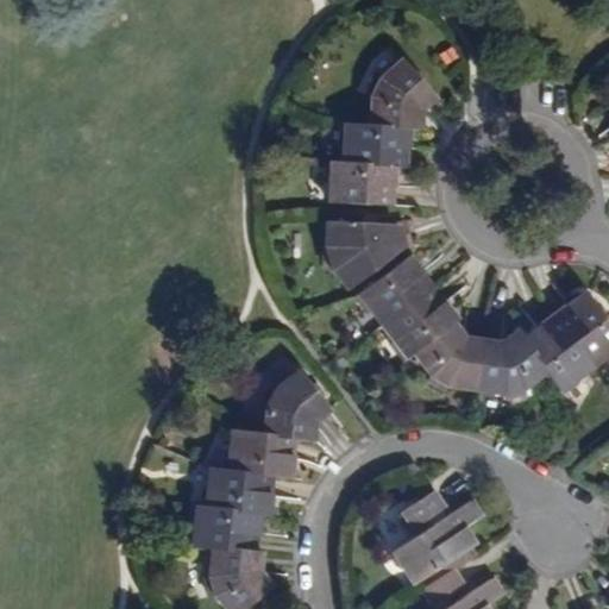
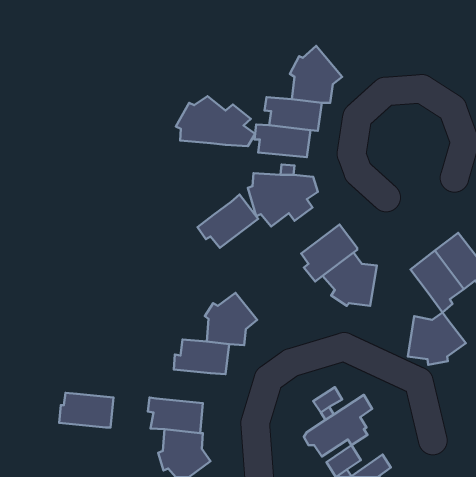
building: none -> [176,96,255,146]
building: [357,255,434,322] -> [197,194,258,248]
building: [473,333,547,400] -> [408,312,466,365]
building: [201,469,270,513] -> [59,393,113,428]

